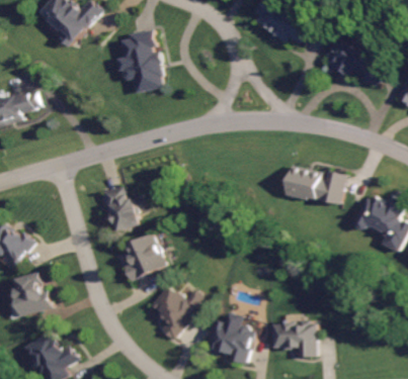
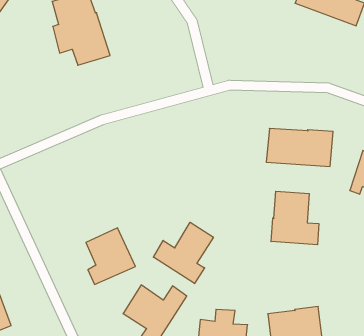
building: [101,187,137,232] -> none
building: none -> [271,191,319,245]
building: none -> [153,222,213,284]

